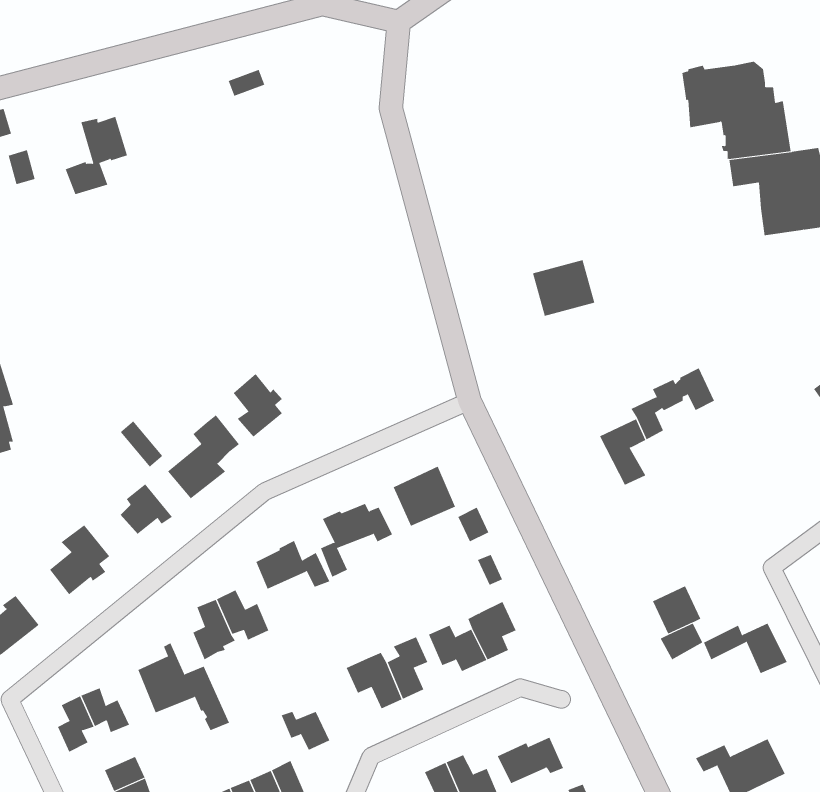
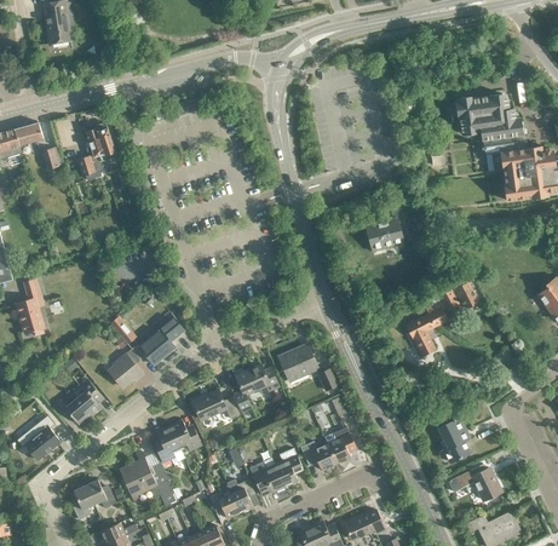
building: [233,373,283,437] -> none
building: [703,623,788,674] -> [448,470,500,501]
building: none -> [226,479,254,513]

